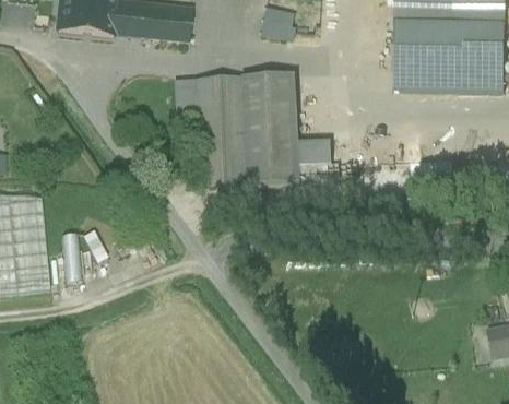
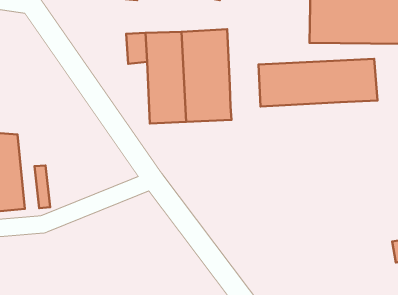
building: none -> [258,59,378,106]
building: [297,140,330,166] -> none

